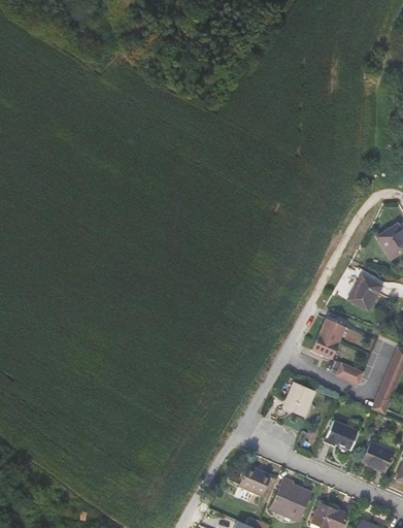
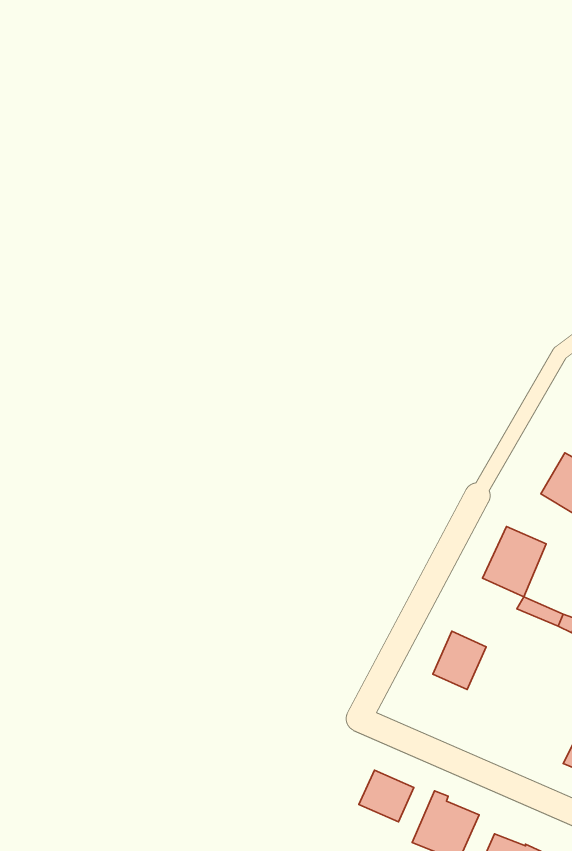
building: [324,421,358,450] -> none

